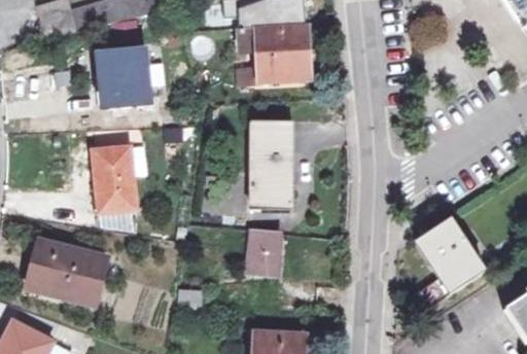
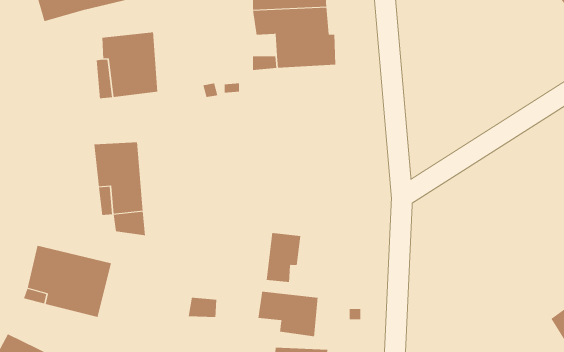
building: [252,121,293,201] -> none
building: [414,216,486,306] -> none
building: none -> [258,291,318,337]

